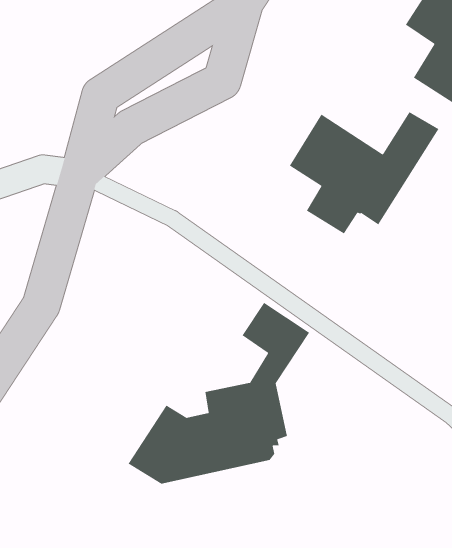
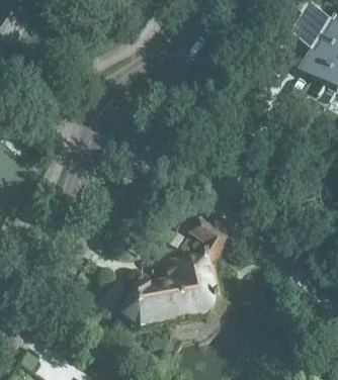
building: [289,111,439,235] -> none

